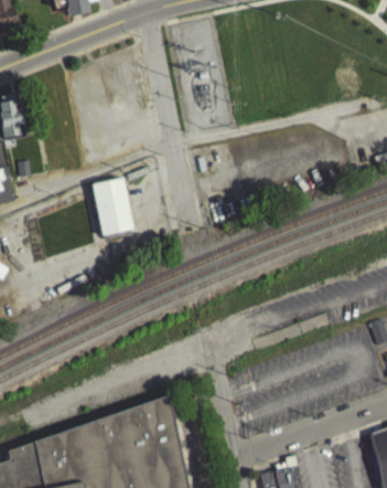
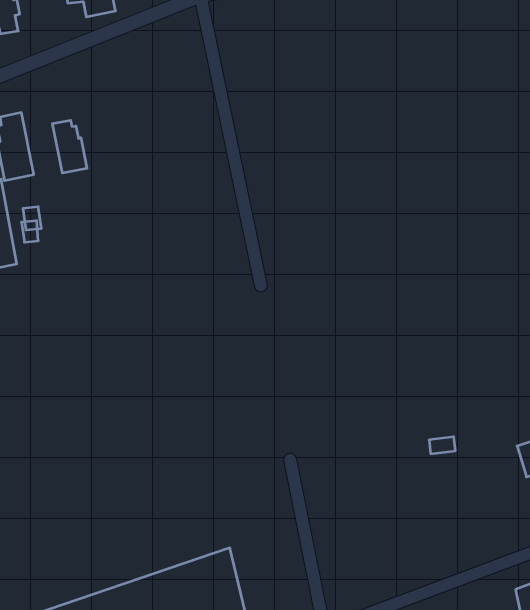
building: none -> [52,120,87,173]
building: [94,177,135,234] -> none

